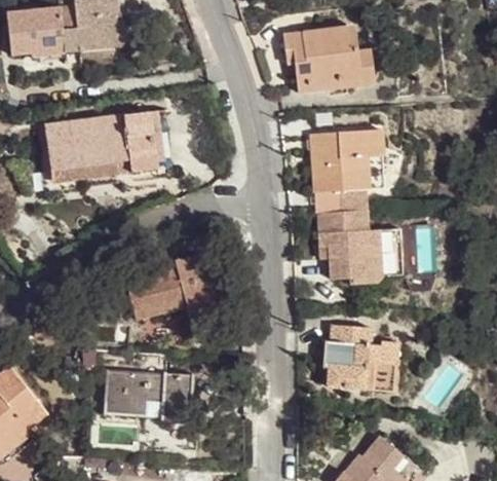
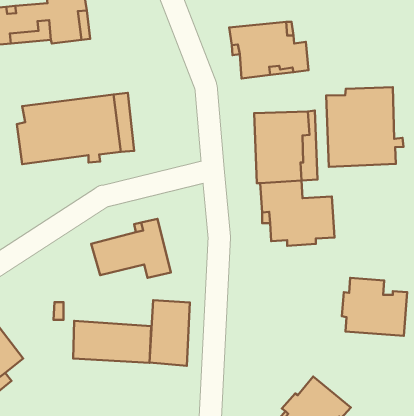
building: none -> [326,87,403,167]
building: [321,324,396,391] -> [342,278,407,336]
building: none -> [149,300,190,366]

